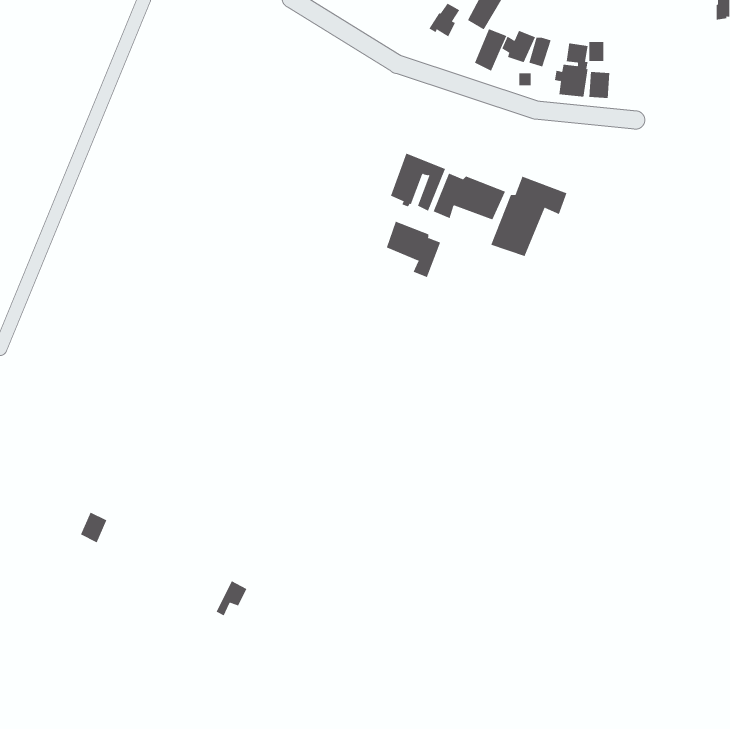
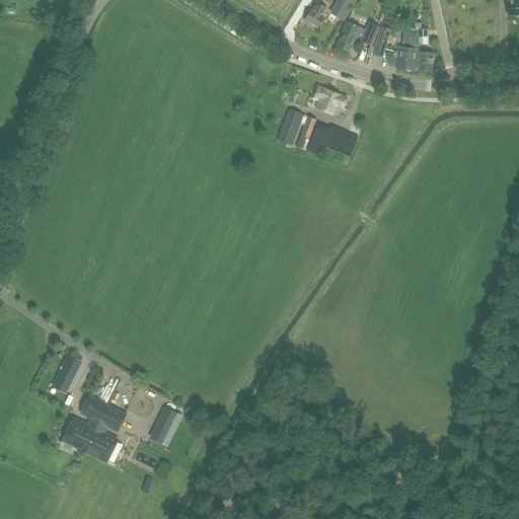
building: none -> [312,85,347,115]
building: [491,176,567,257] -> none
building: [386,221,441,278] -> none
building: none -> [63,395,126,460]

